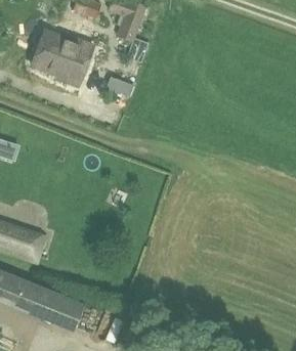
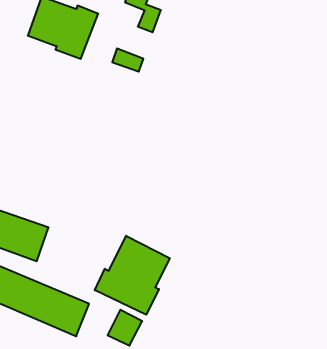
building: none -> [95,236,170,315]

